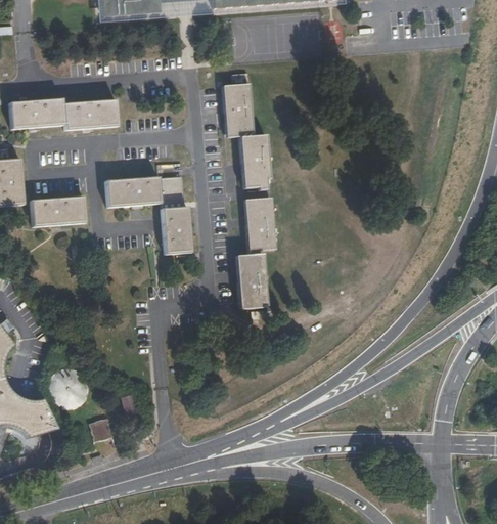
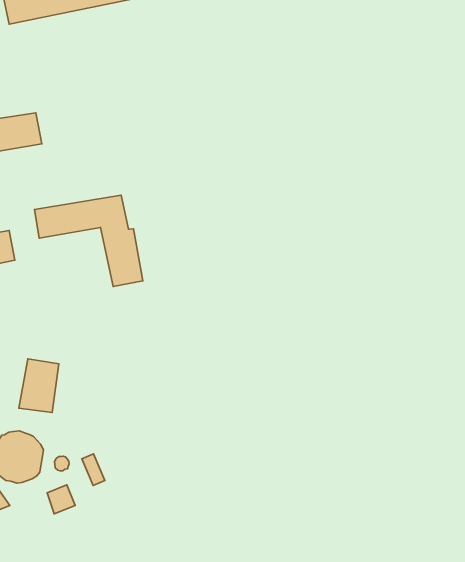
building: [224,82,268,189] -> none
building: [239,195,276,306] -> none
building: none -> [19,359,59,412]

